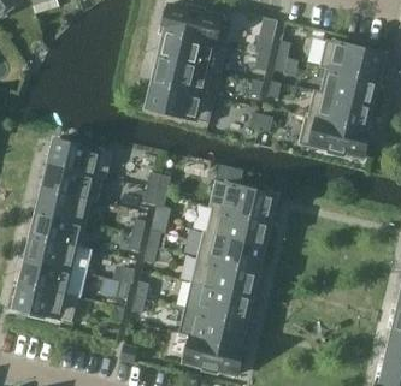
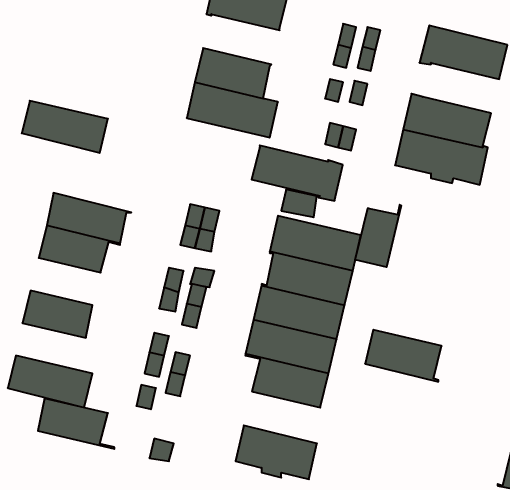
building: [159,30,226,71] -> [252,145,343,201]
building: [322,66,378,103] -> none
building: [48,138,112,177] -> [22,101,108,153]
building: none -> [355,205,401,267]
building: [31,210,83,245] -> none
building: [20,259,77,296] -> [38,398,114,449]
building: [189,309,246,348] -> [365,330,442,382]

